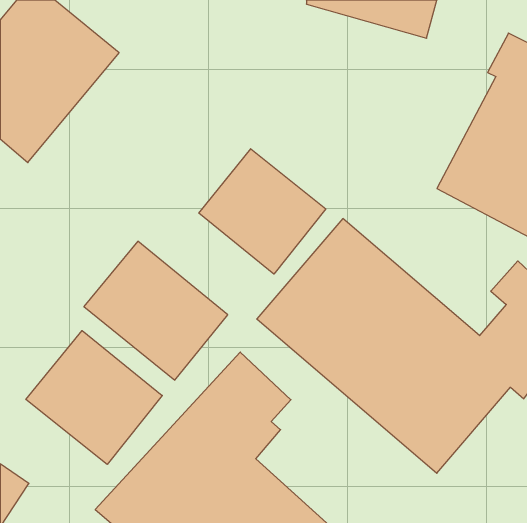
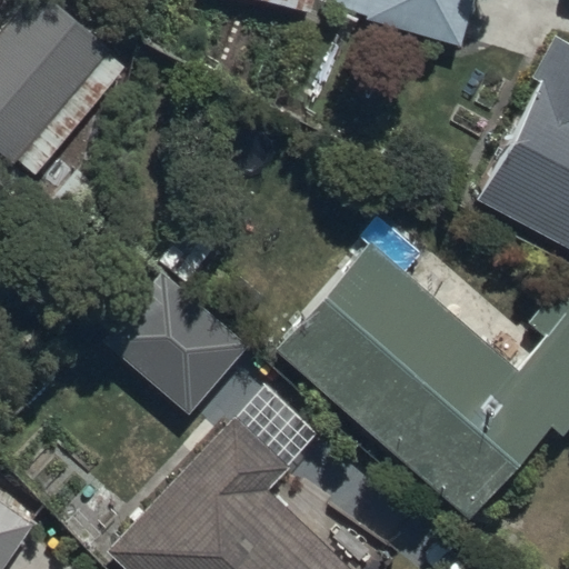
building: [199,149,326,274] -> none
building: [26,331,162,464] -> none

